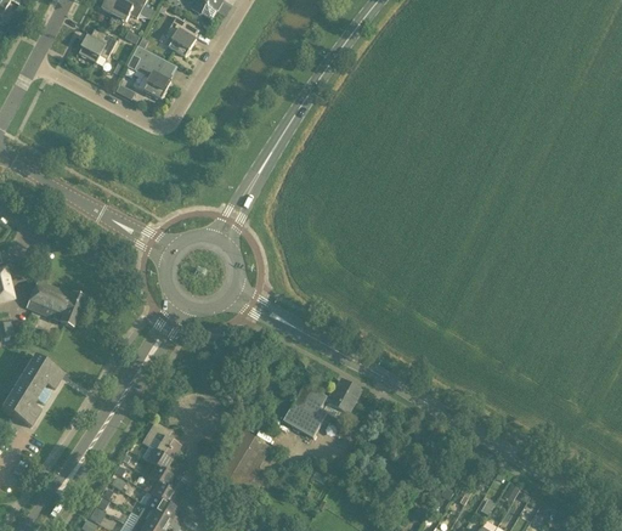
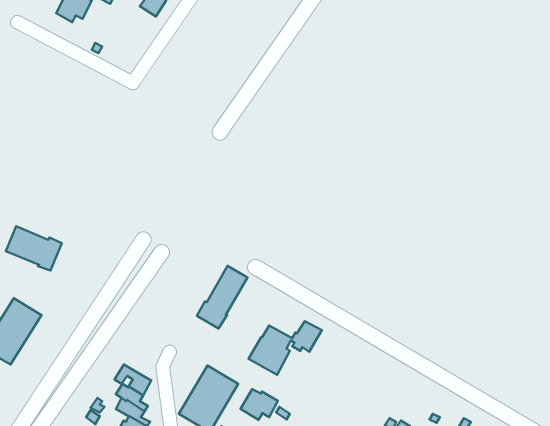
building: [128,46,176,101] -> none
building: none -> [197,266,248,329]
building: none -> [241,389,278,420]

